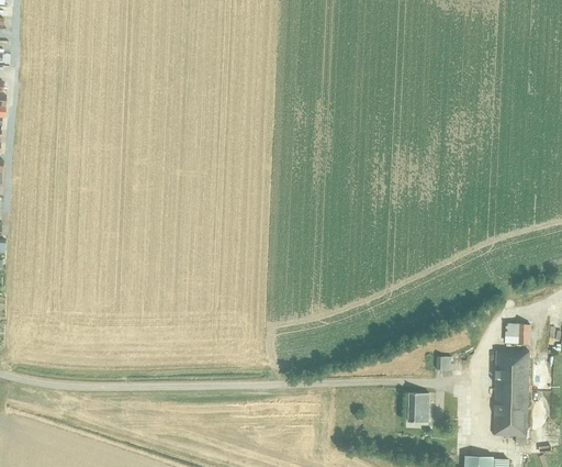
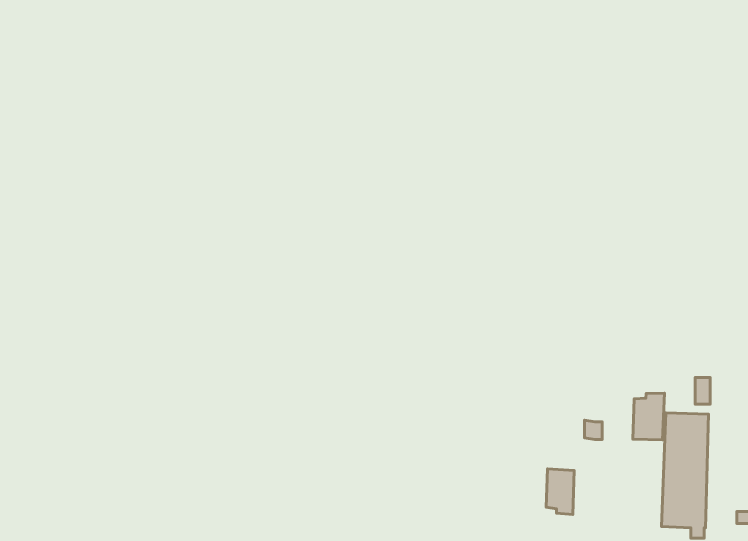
building: none -> [633,393,664,440]

